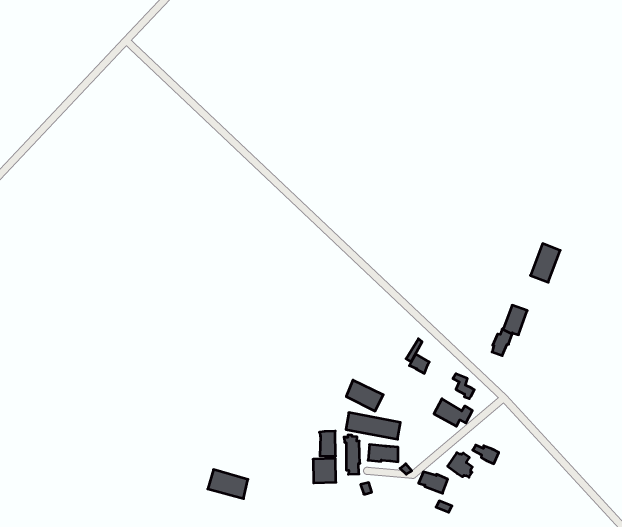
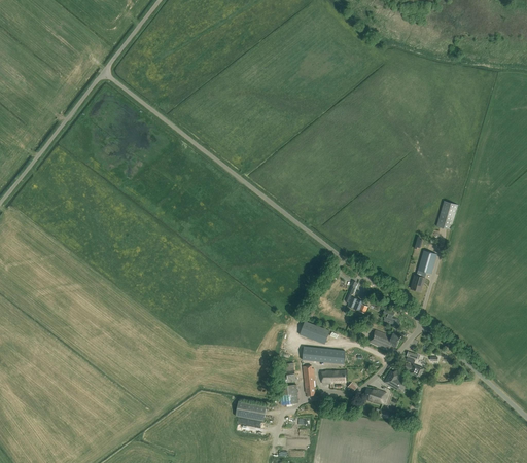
building: [208,470,248,499] -> [235,400,266,421]

